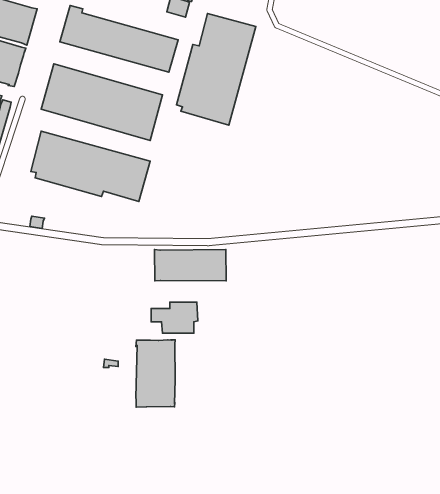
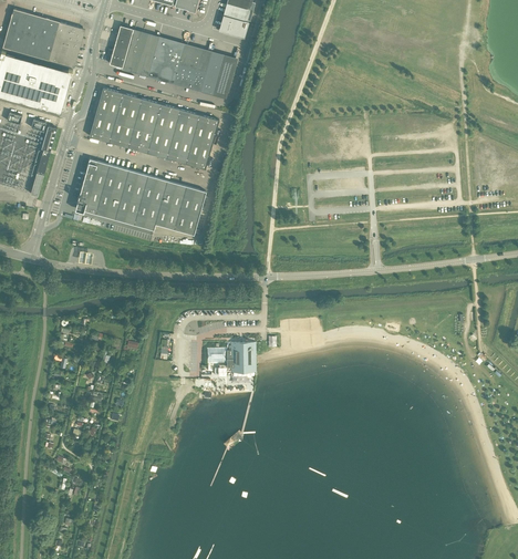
building: [177,13,256,125] -> none
building: [155,250,226,281] -> none
building: [136,340,175,407] -> none

